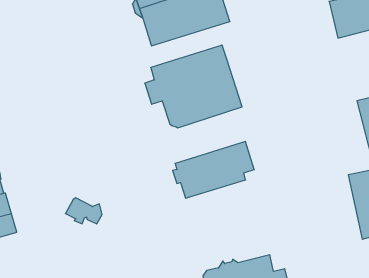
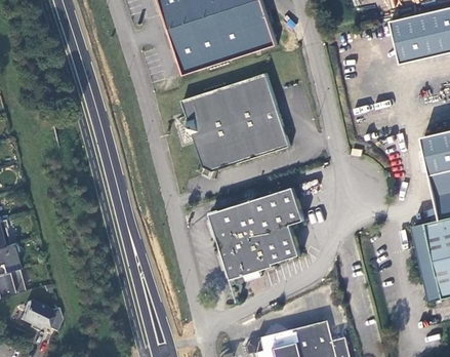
building: none -> [221,230,303,278]
building: [65,198,102,224] -> [21,301,64,331]

